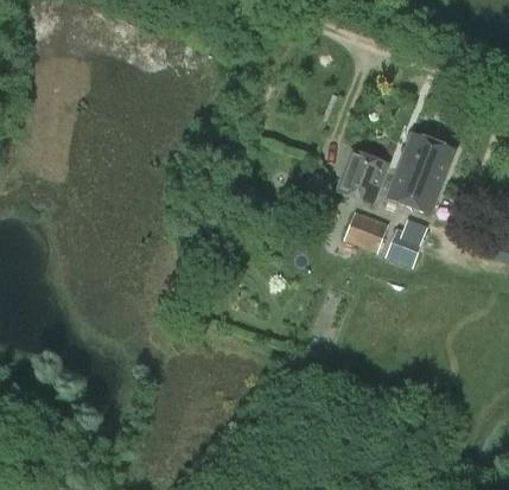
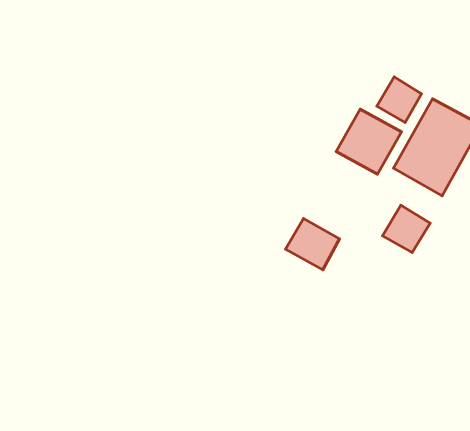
building: none -> [377,77,421,123]
building: [343,211,388,253] -> [285,219,340,270]

